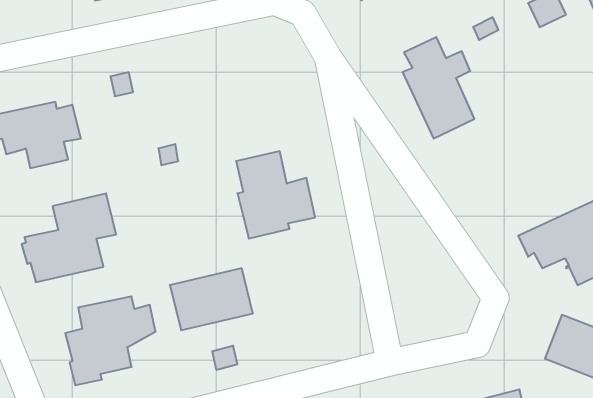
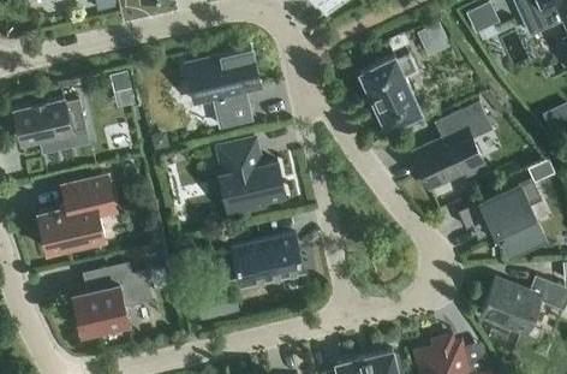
building: none -> [185,51,259,129]
building: none -> [412,101,489,190]
building: [170,268,253,330] -> [232,235,303,287]

